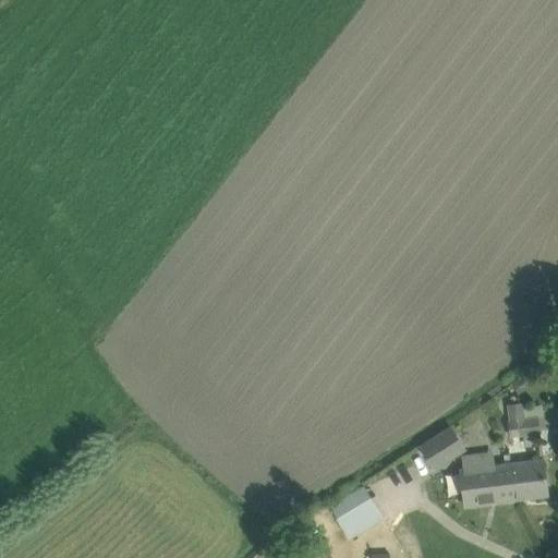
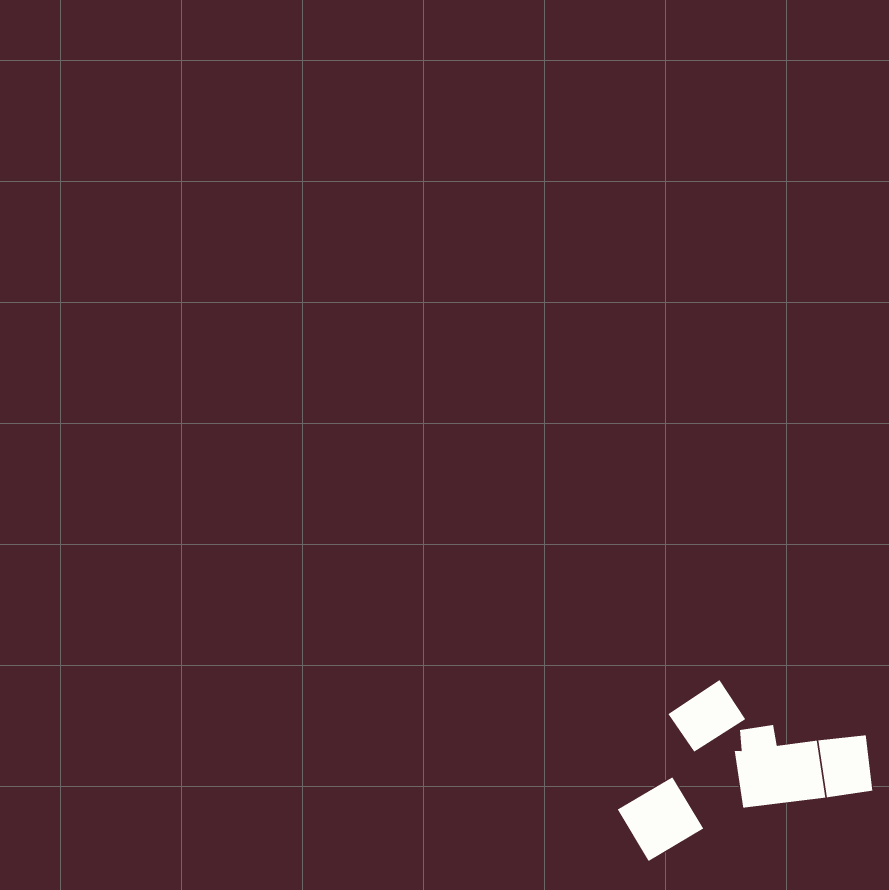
building: [507,403,538,436] -> none
building: [328,486,383,539] -> [617,776,704,862]

